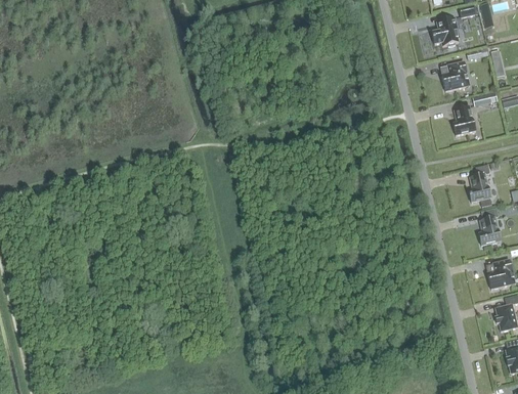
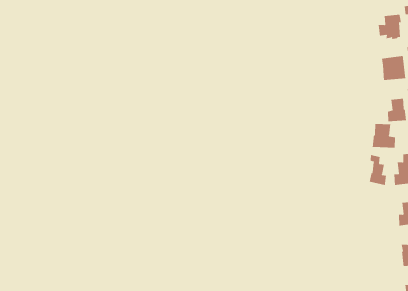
building: none -> [372,123,395,149]
building: none -> [369,154,386,186]

